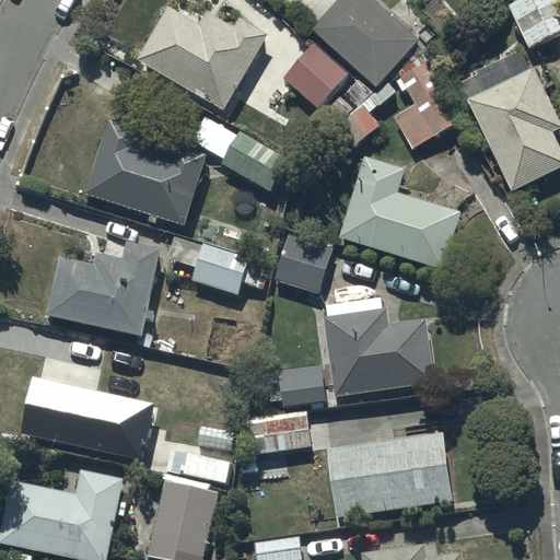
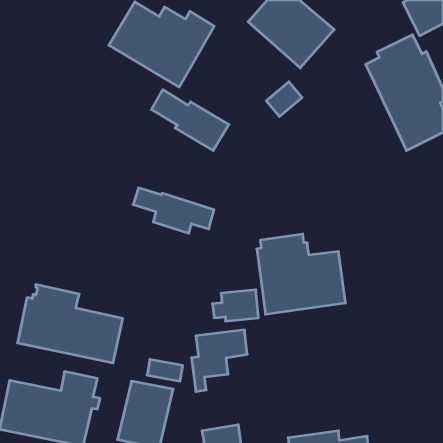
building: [282,43,348,108] -> none
building: [392,62,460,150] -> none
building: [84,117,209,228] -> none
building: [340,155,462,269] -> none
building: [271,234,335,294] -> none
building: [46,242,160,336] -> none
building: [328,432,454,515] -> none

